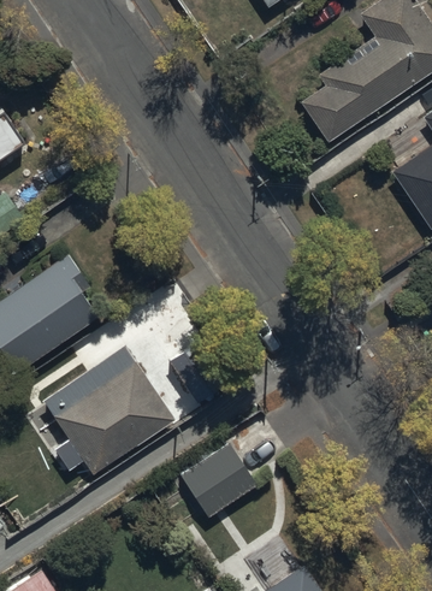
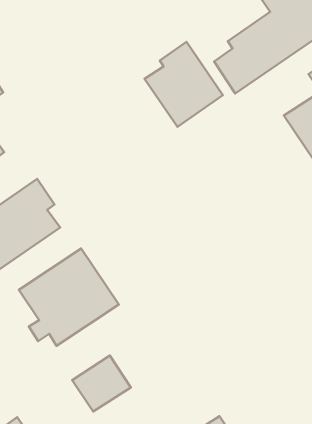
building: none -> [144,42,223,127]
building: [178,445,255,519] -> [72,356,131,411]

